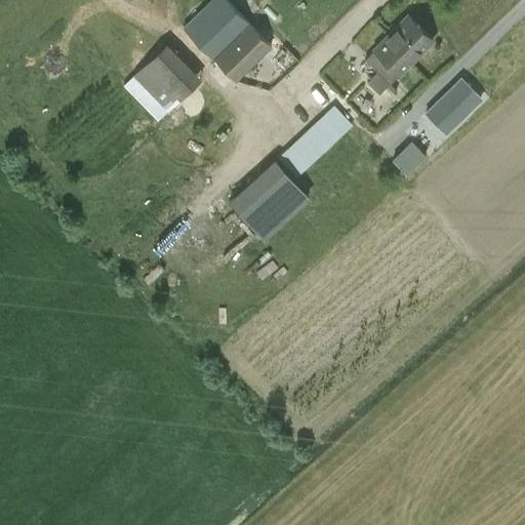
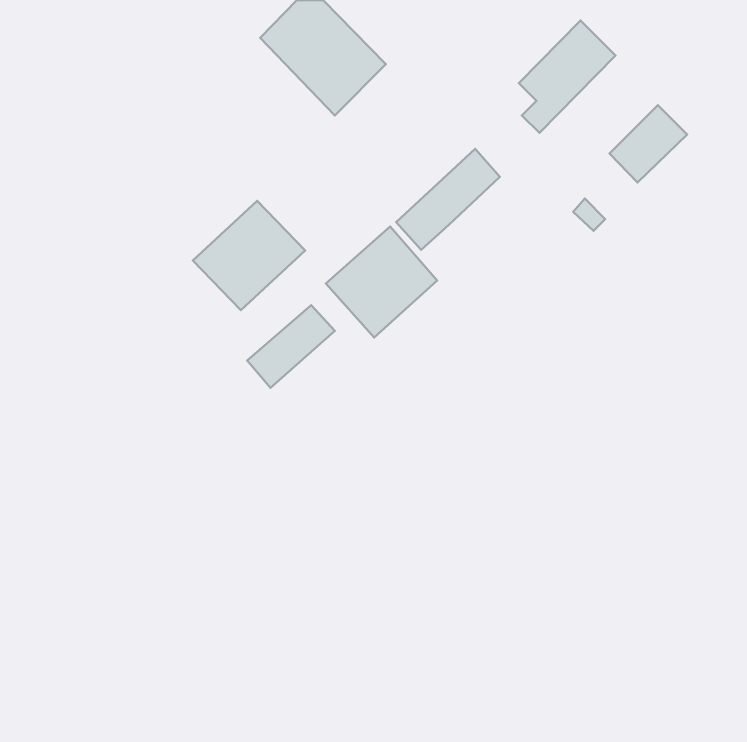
building: [125,42,204,119] -> [193,201,305,310]
building: none -> [247,305,335,388]

